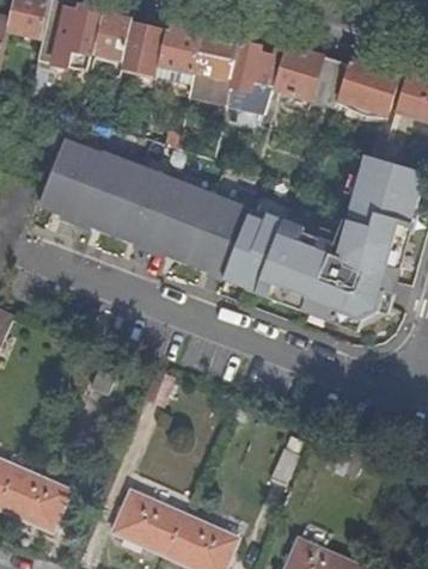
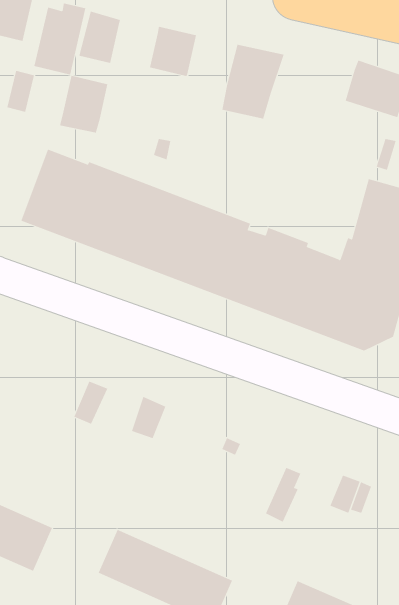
building: [120,23,165,77] -> [59,75,108,133]
building: [194,33,239,79] -> none
building: [271,45,348,109] -> none

